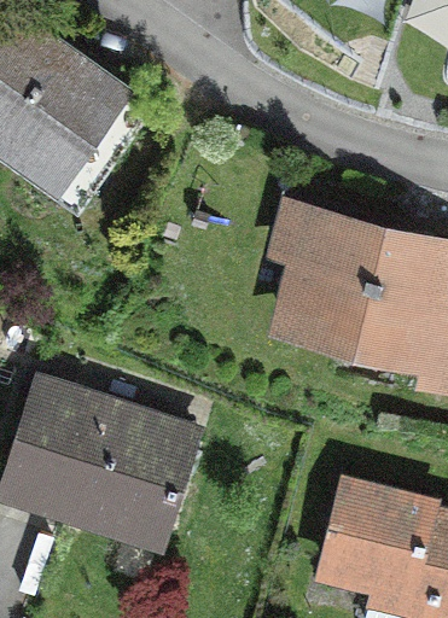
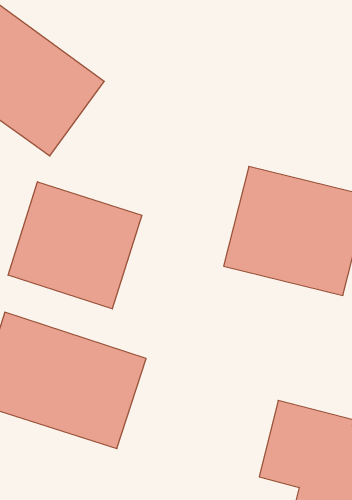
building: none -> [8,182,142,309]

